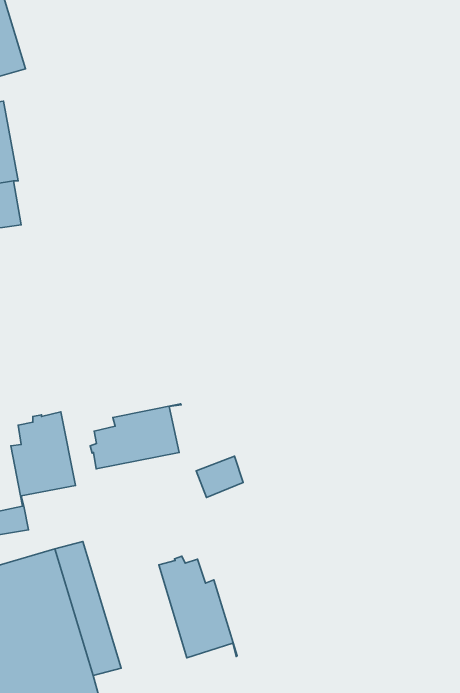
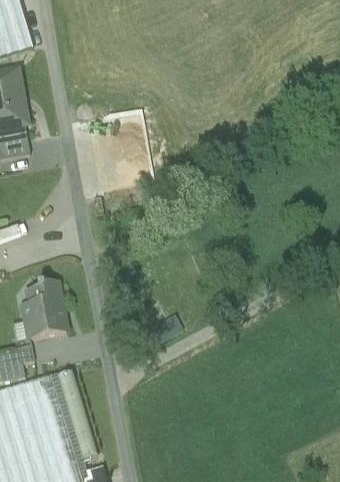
building: [90,404,181,469] -> none
building: [159,556,237,658] -> none

